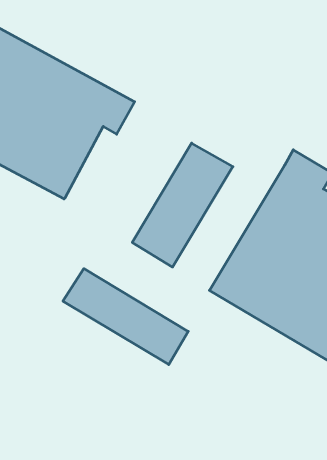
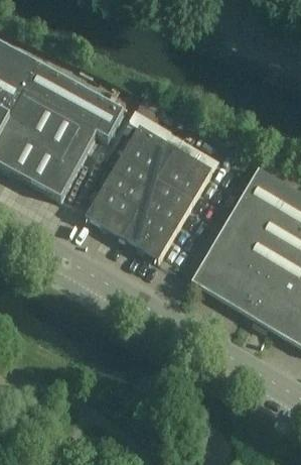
building: none -> [85,123,175,235]
building: [63,269,188,365] -> none

